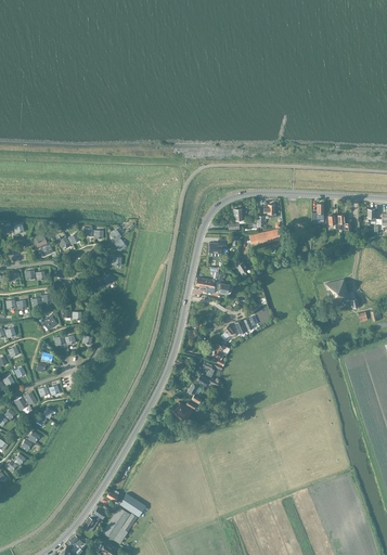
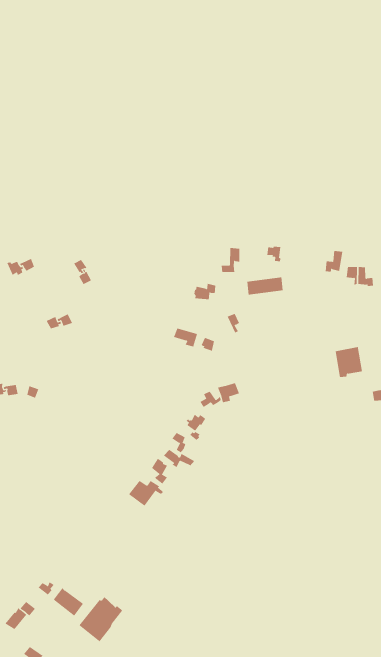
building: [102,507,137,544] -> [78,596,123,642]

